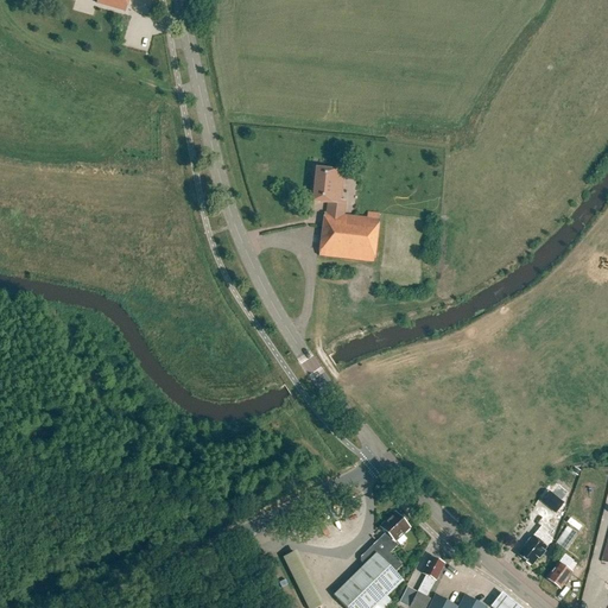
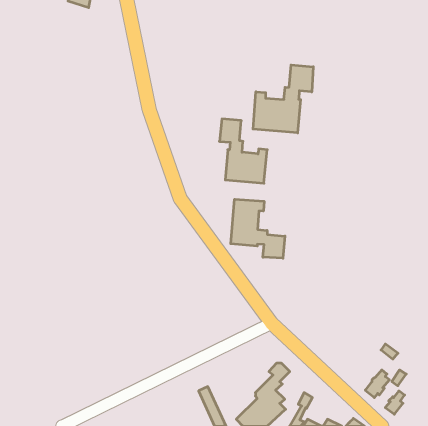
building: none -> [253,65,313,133]
building: none -> [231,199,285,258]

